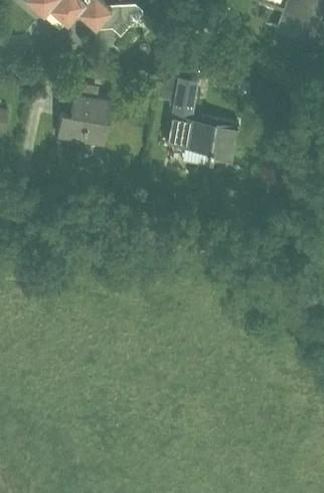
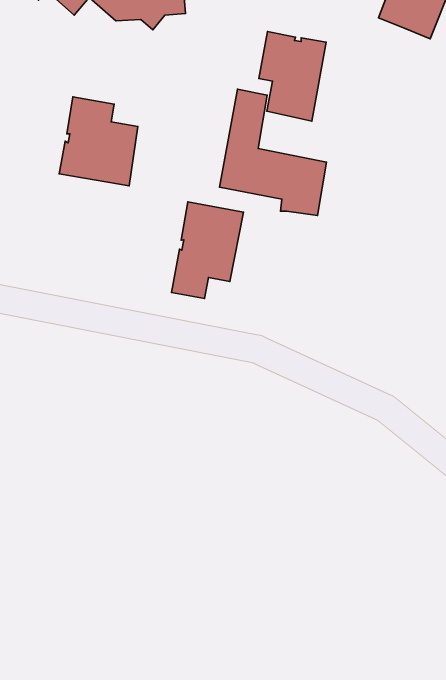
building: none -> [259,31,326,121]
building: none -> [171,202,244,298]

